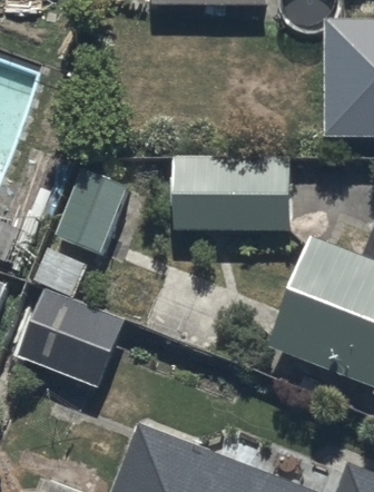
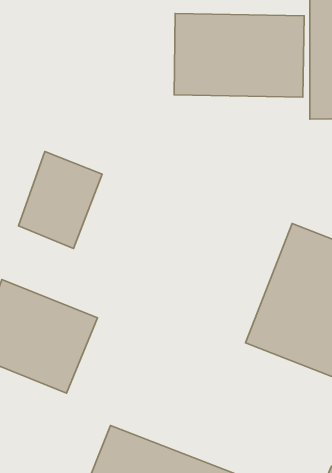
building: [171,155,293,233] -> [174,13,304,97]

